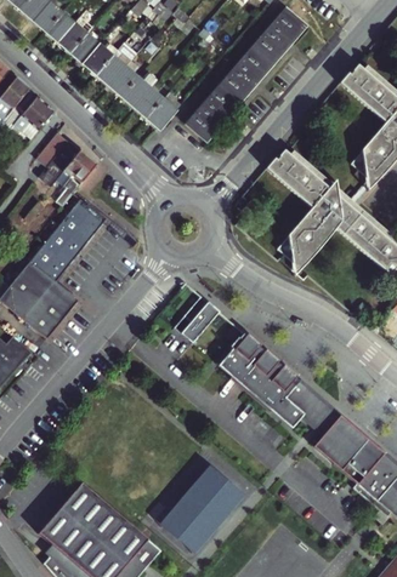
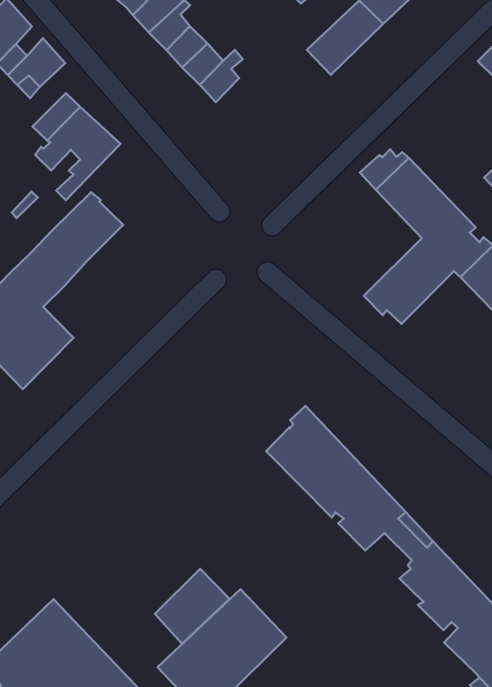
building: [187,86,238,139] -> none
building: [185,297,220,344] -> none
building: none -> [155,569,229,644]

